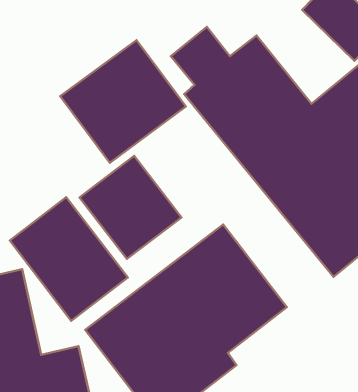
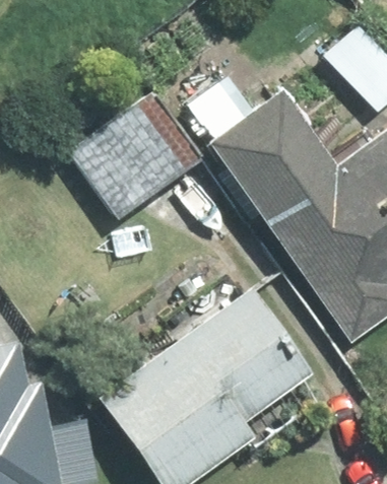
building: [79,156,181,259] -> none
building: [10,197,128,321] -> none

